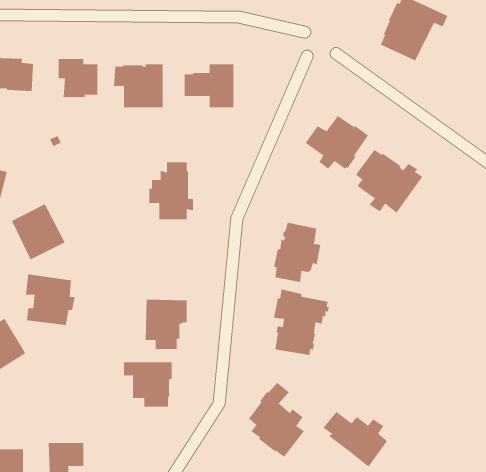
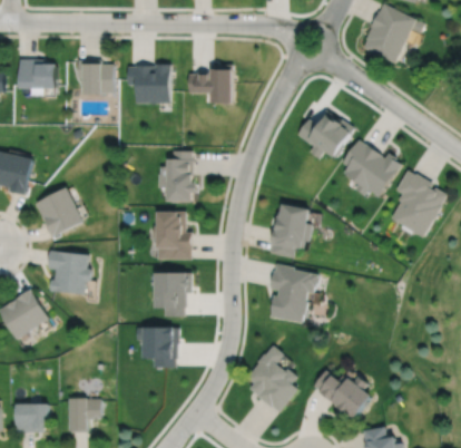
building: none -> [390,169,448,237]
building: none -> [153,211,193,259]

